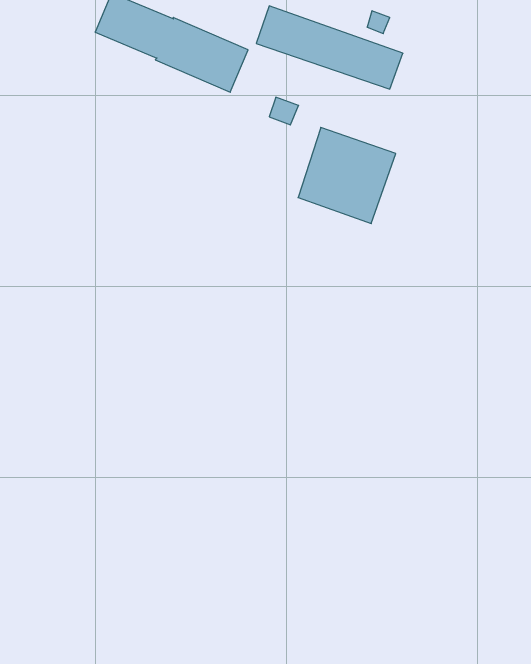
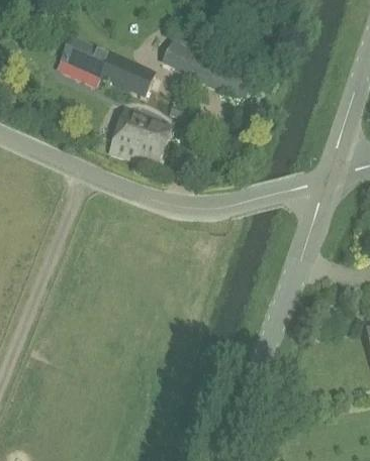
building: [298,127,396,224] -> [110,106,171,165]

